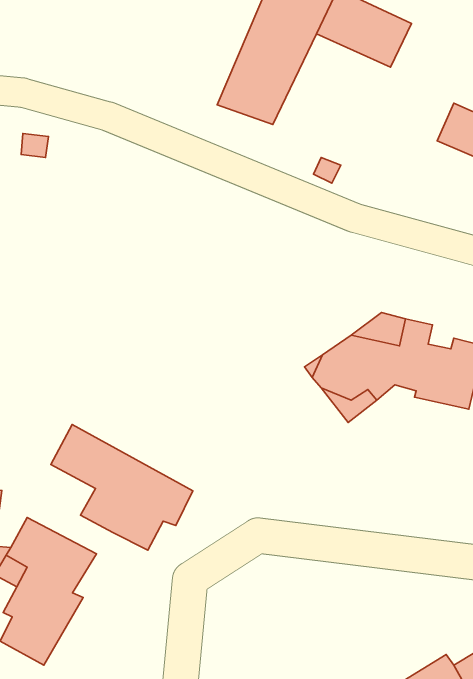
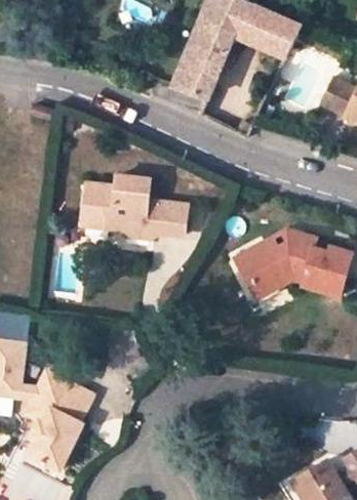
building: none -> [87,177,198,241]
building: [51,424,193,550] -> none

